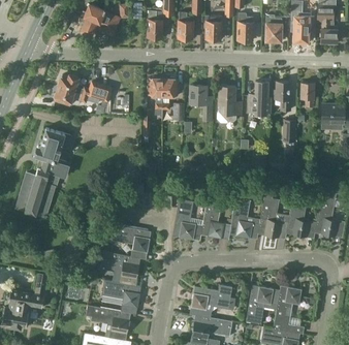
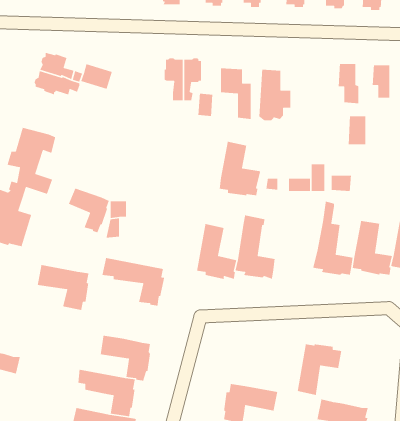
building: [249,82,272,117] -> none
building: none -> [68,187,110,234]
building: [229,197,260,238] -> [219,141,261,196]
building: [100,251,138,285] -> [37,264,89,311]
building: [190,284,232,317] -> none
building: [273,286,302,333] -> none

